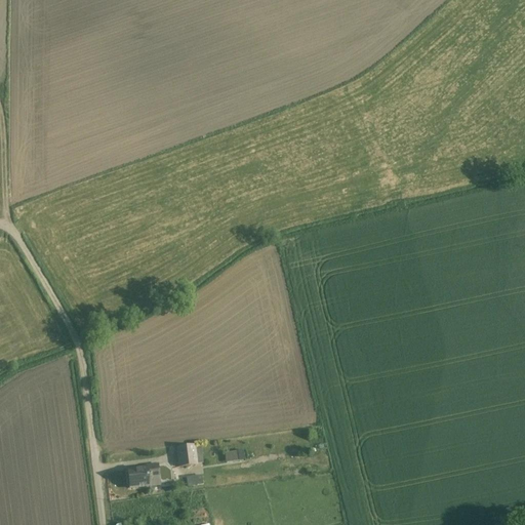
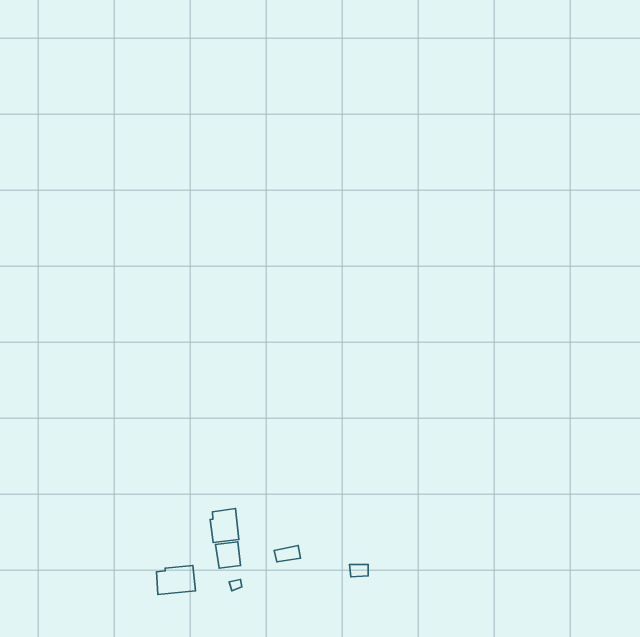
building: none -> [210,508,239,542]

